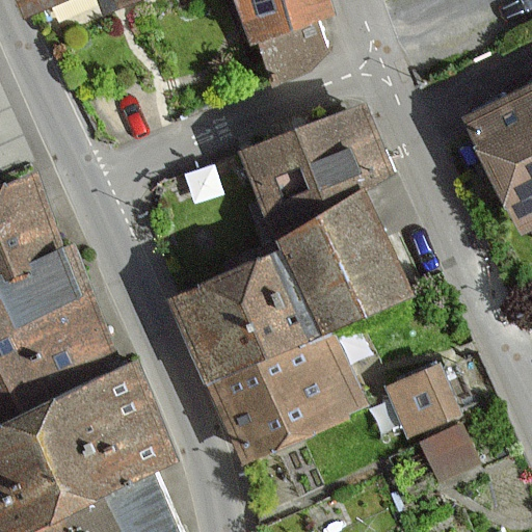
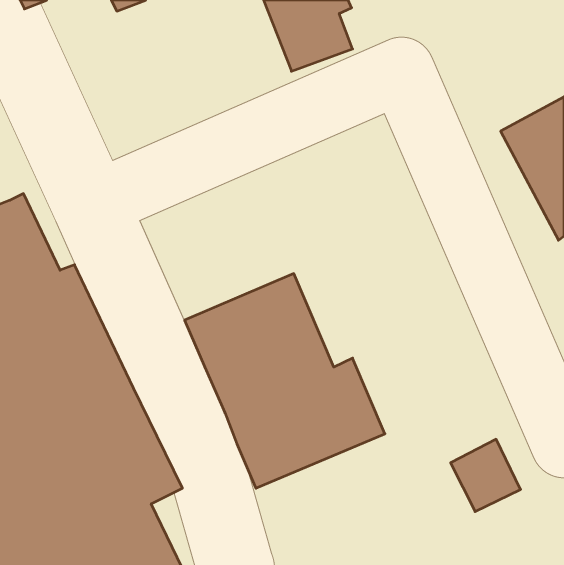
building: [243,110,385,222] -> none
building: [280,205,402,334] -> none
building: [387,354,468,433] -> none

